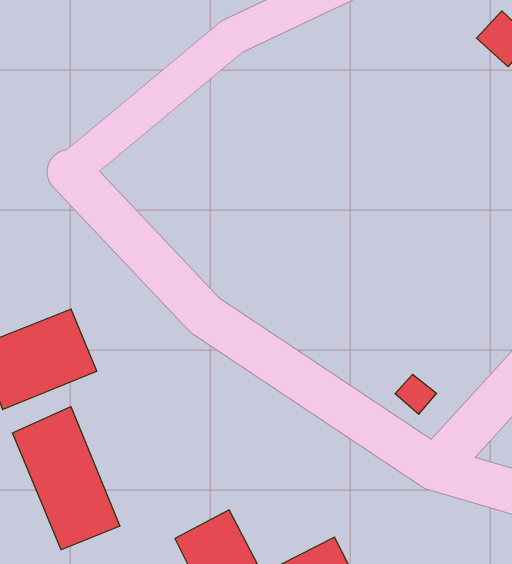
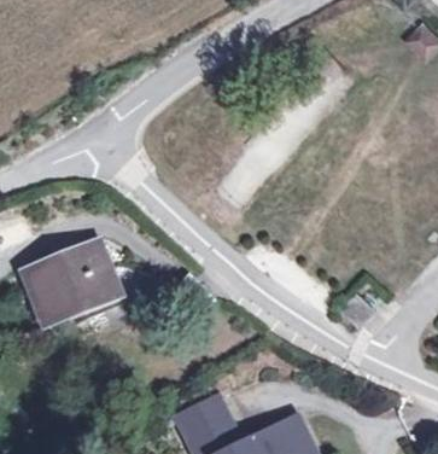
building: [13,407,120,550] -> none

